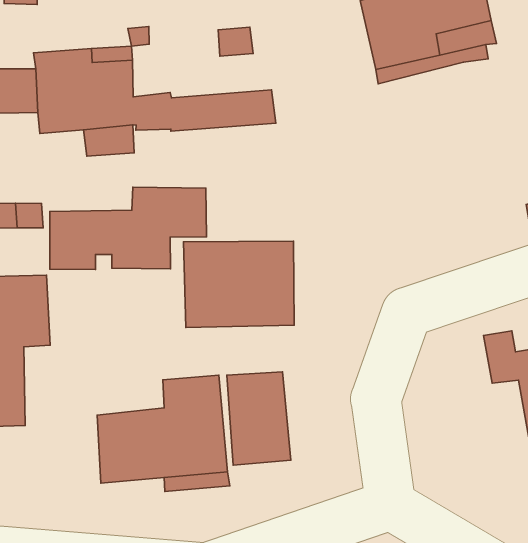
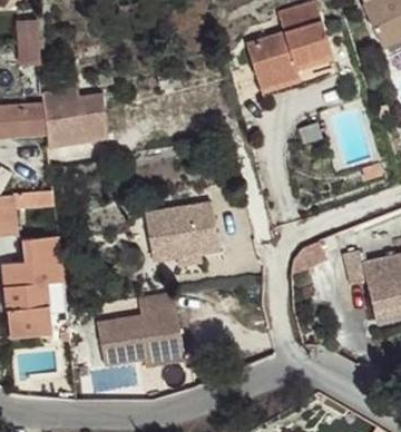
building: [50,187,206,270] -> none
building: [227,372,291,465] -> none

